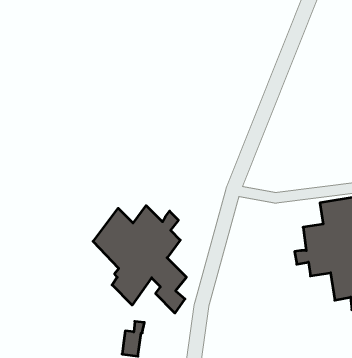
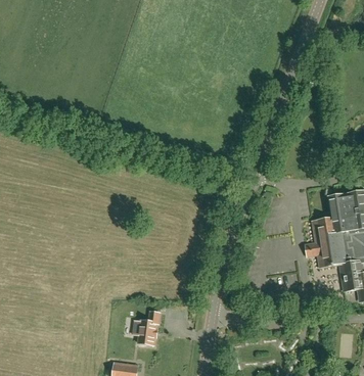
building: [93,206,186,313] -> none

